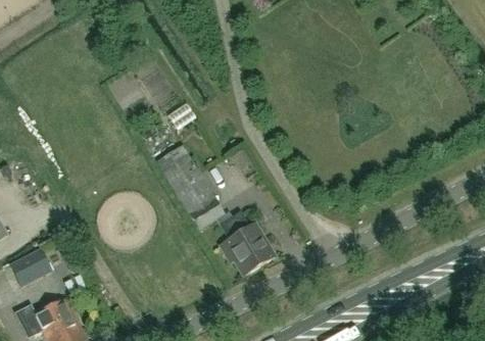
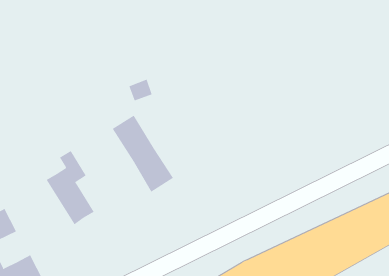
building: none -> [46,150,94,225]
building: [221,211,275,275] -> none

